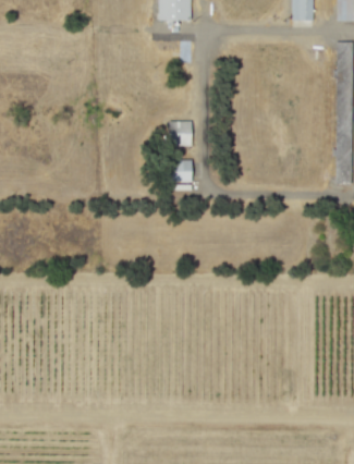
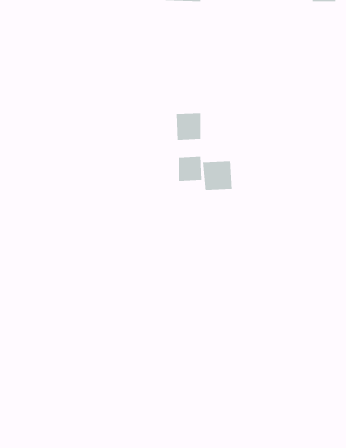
building: none -> [203,160,232,191]

